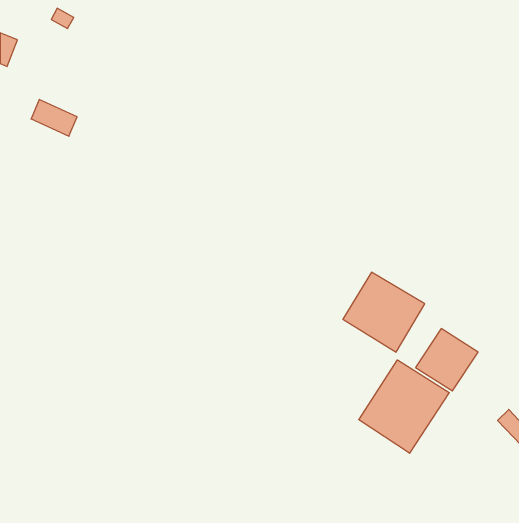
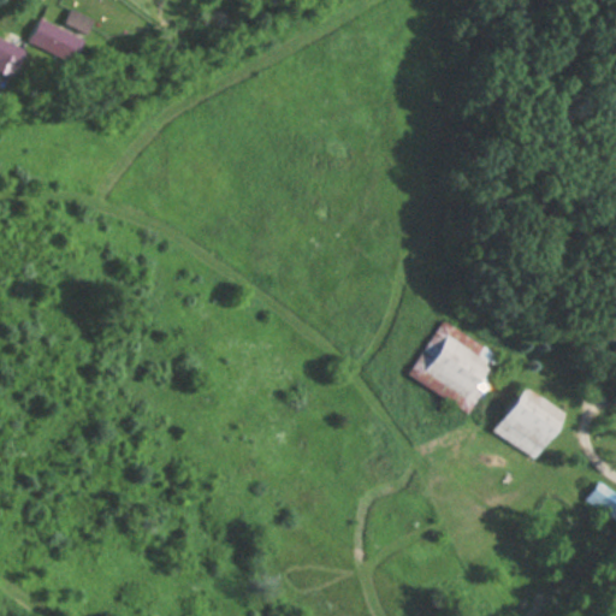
building: [31,99,77,136] -> [30,18,84,61]
building: [359,360,449,453] -> none

